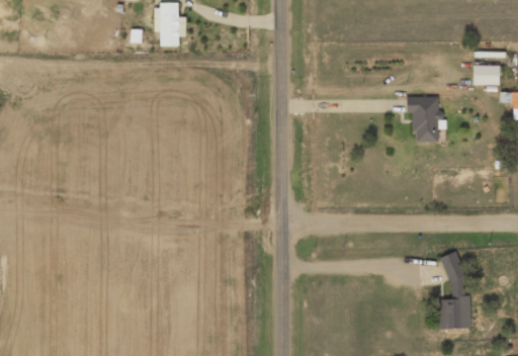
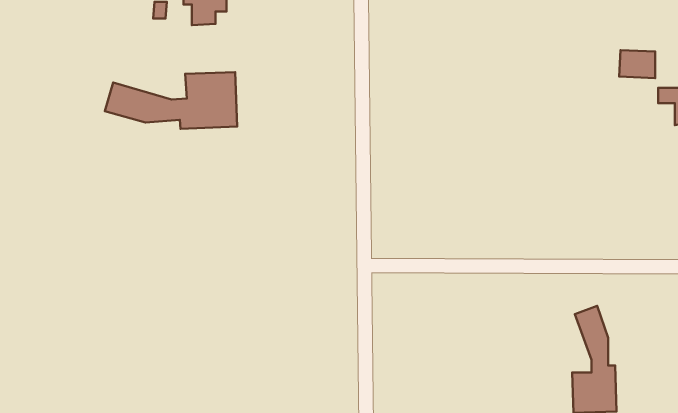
building: none -> [105,72,237,129]
building: [406,96,444,142] -> none

